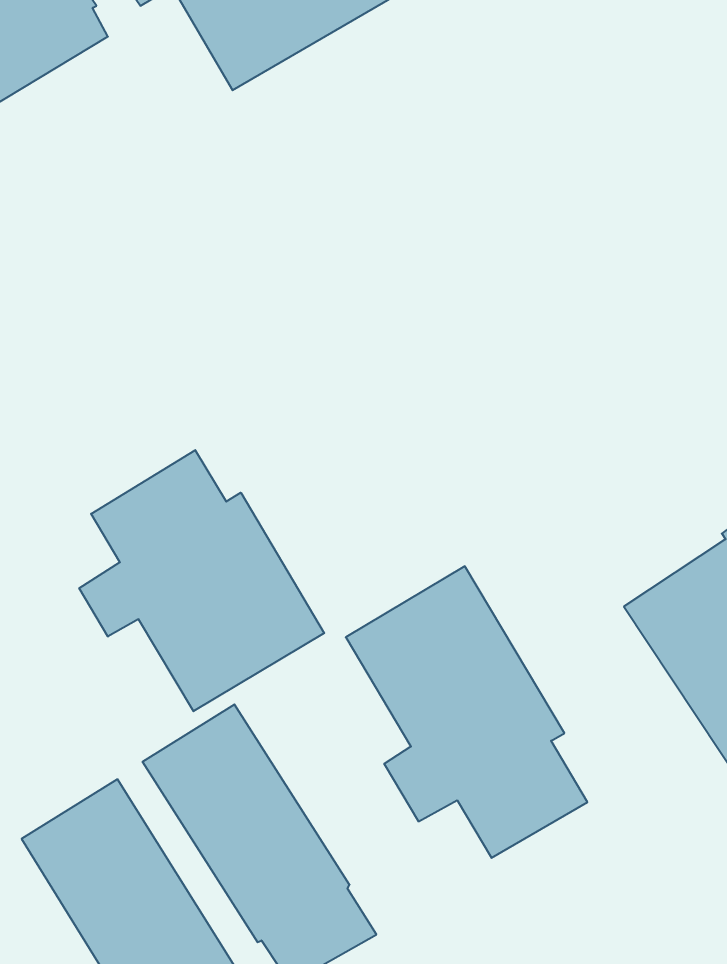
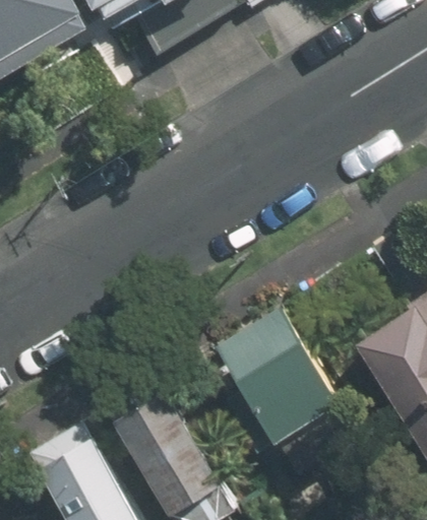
building: [79,450,324,711] -> none

